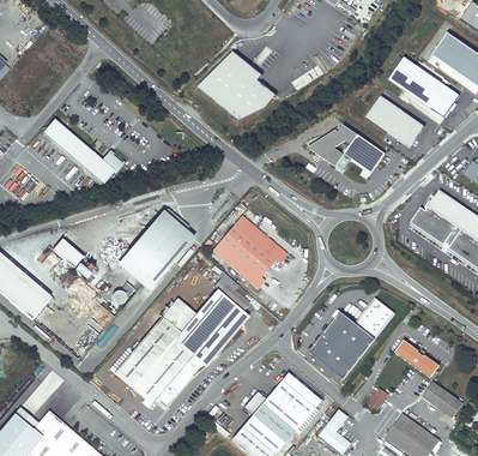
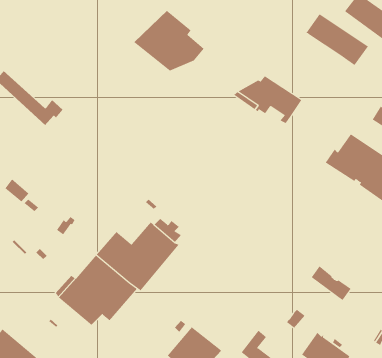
building: [367,94,424,144] -> none
building: [213,217,290,292] -> none
building: [126,220,186,284] -> none
building: [310,298,397,379] -> none
building: [262,374,321,436] -> none
building: [423,380,464,416] -> none

